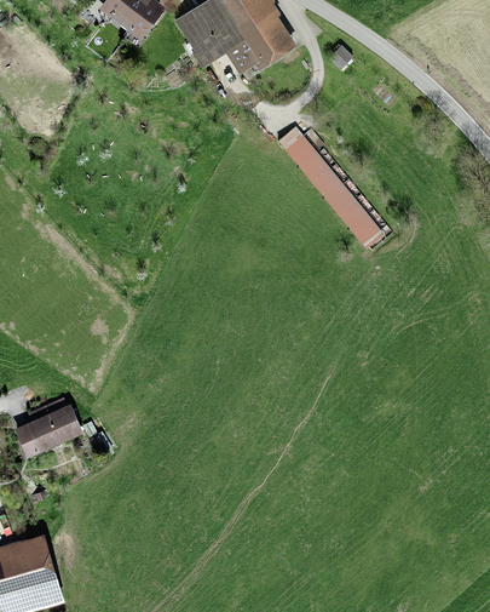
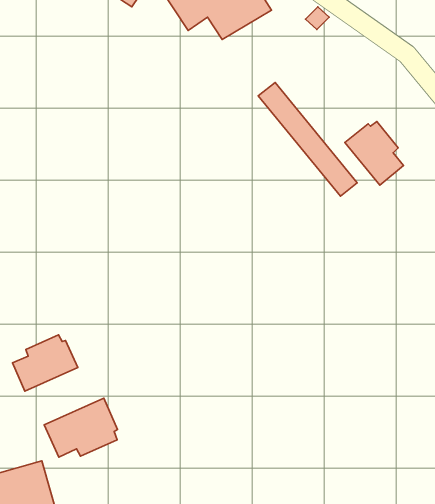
building: none -> [345,122,404,185]
building: none -> [44,398,118,457]

